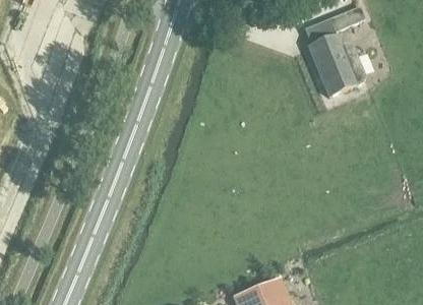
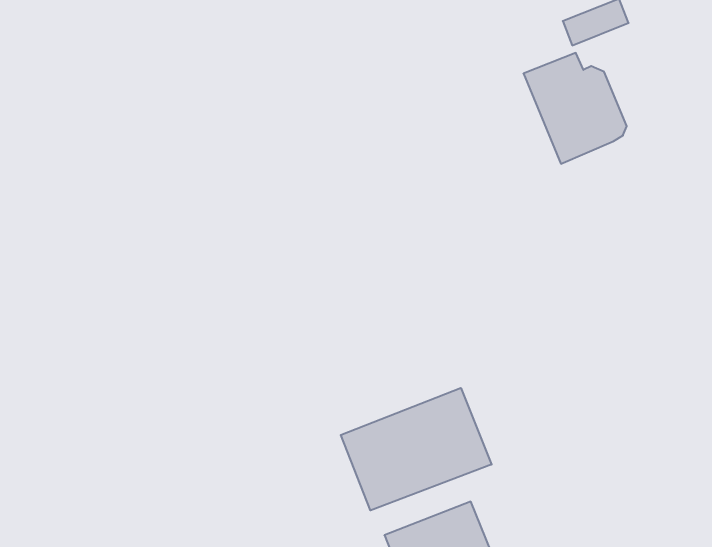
building: none -> [341,388,492,510]

